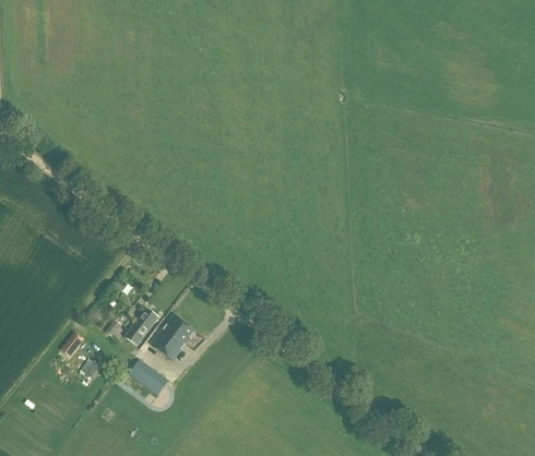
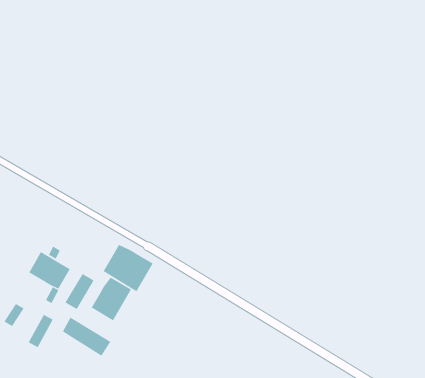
building: none -> [28,251,71,289]
building: none -> [103,244,153,292]

